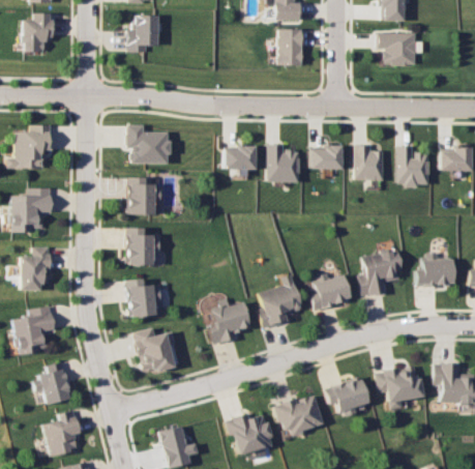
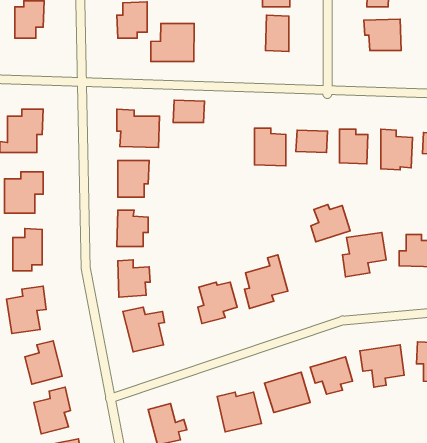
building: none -> [151,23,194,62]
building: [225,146,257,169] -> [173,100,204,122]
building: [310,272,351,311] -> [311,204,350,242]

